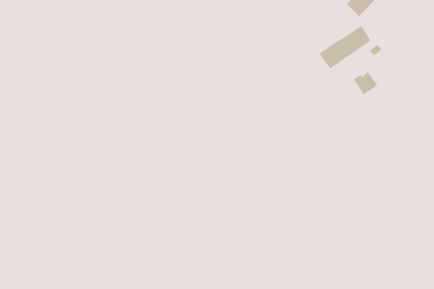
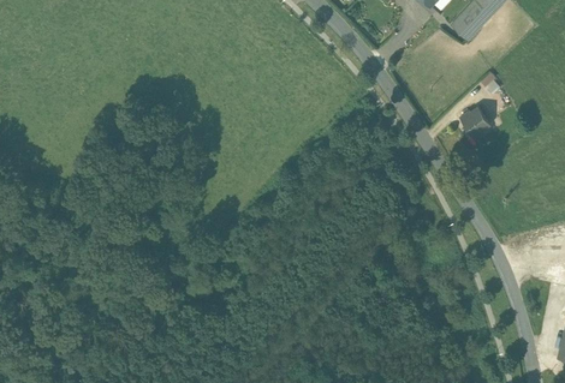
building: [319,25,372,69] -> none

